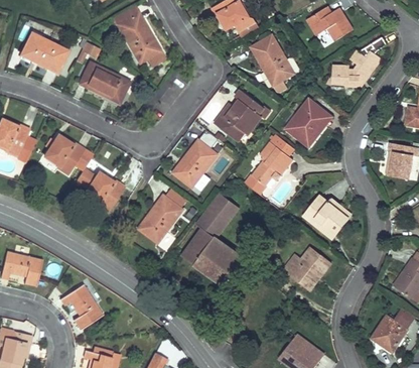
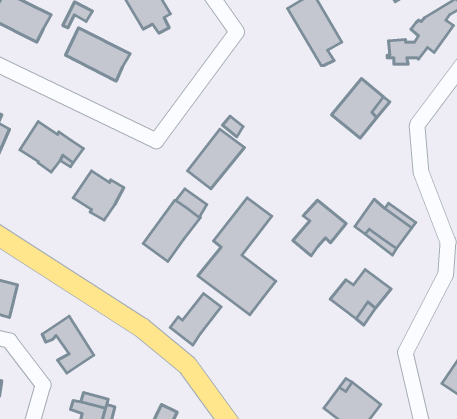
building: [221,92,265,139] -> none
building: [251,143,292,187] -> [293,200,346,256]
building: none -> [170,294,221,345]

